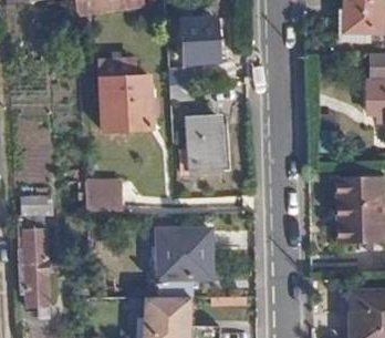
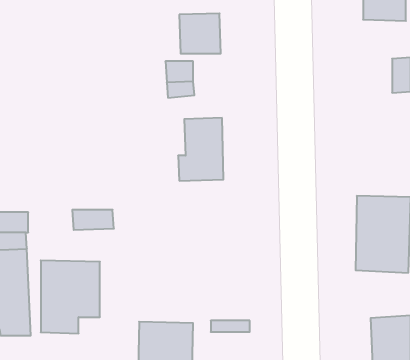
building: [100,63,152,127] -> none
building: [157,226,209,290] -> [41,260,100,333]

